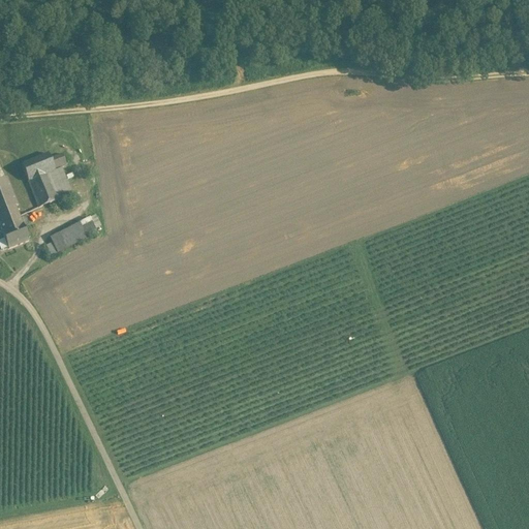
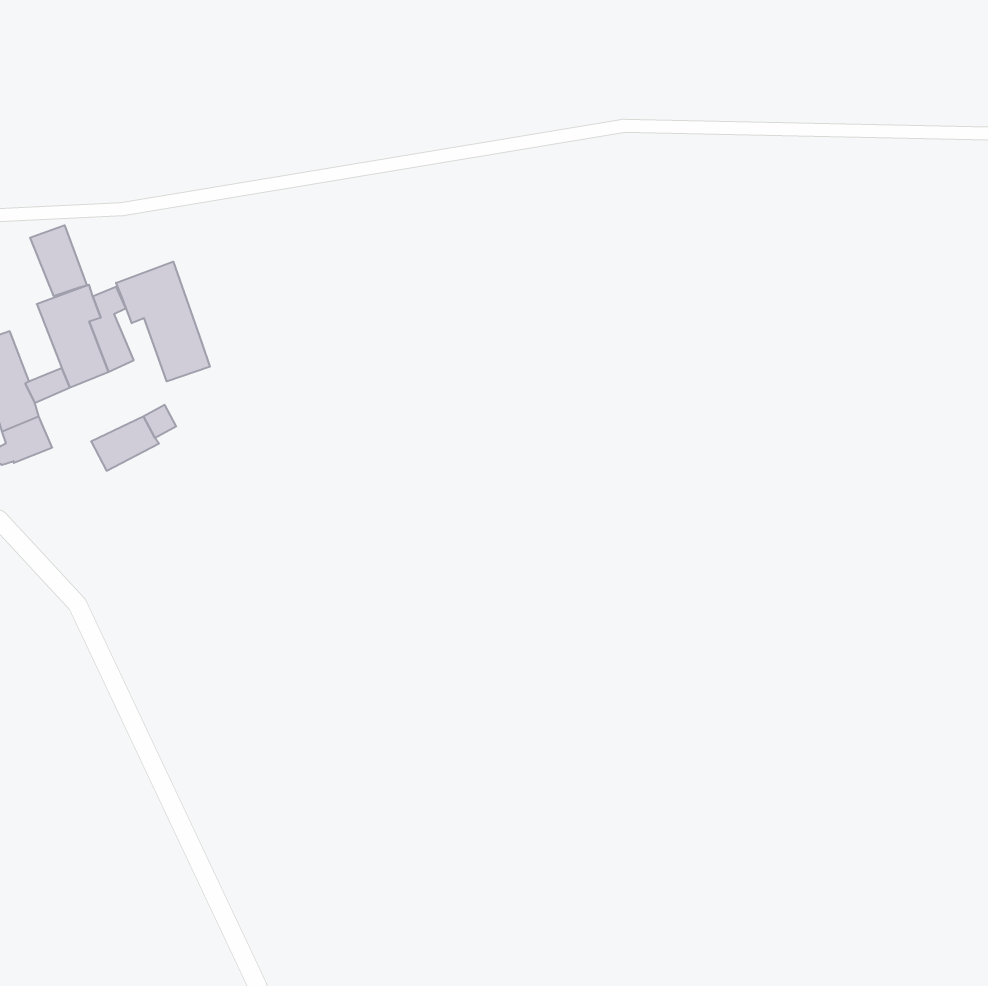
building: none -> [30,225,87,296]
building: none -> [116,262,210,381]

